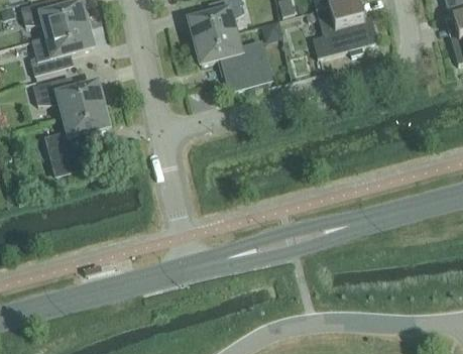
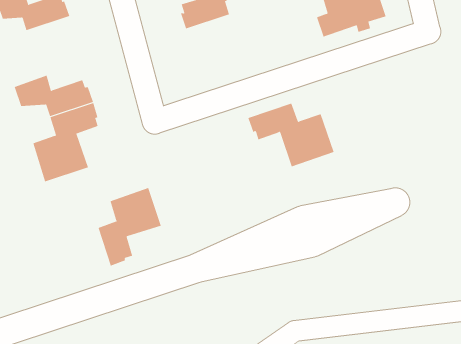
building: [30,24,92,75] -> none
building: [193,31,270,90] -> [248,103,335,167]
building: none -> [98,187,161,266]

